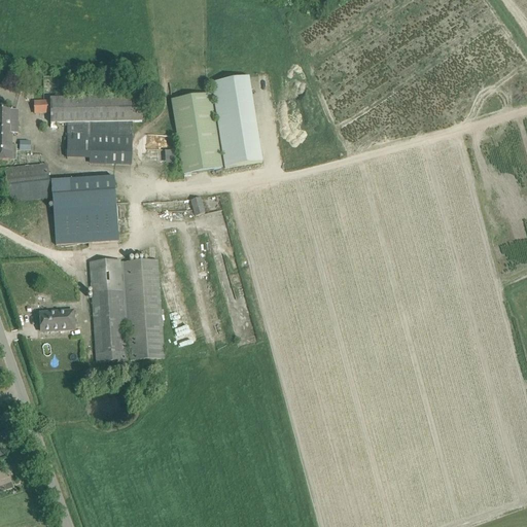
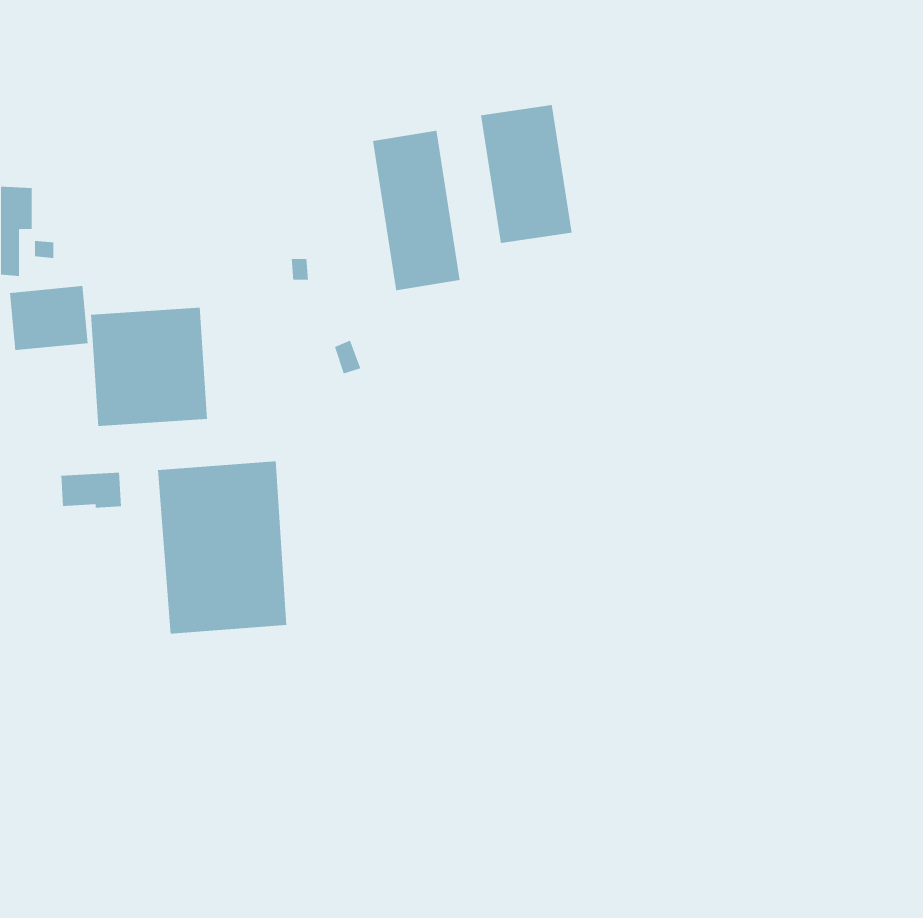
building: [170,92,222,171] -> [480,104,572,244]
building: [33,94,141,163] -> none
building: [39,309,74,329] -> [60,472,122,508]

